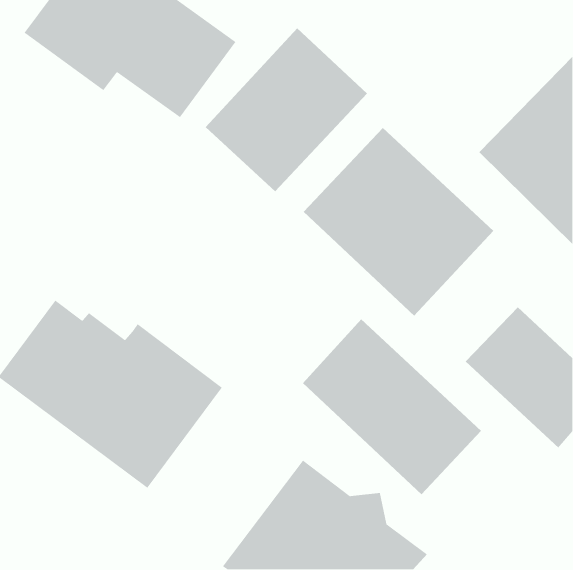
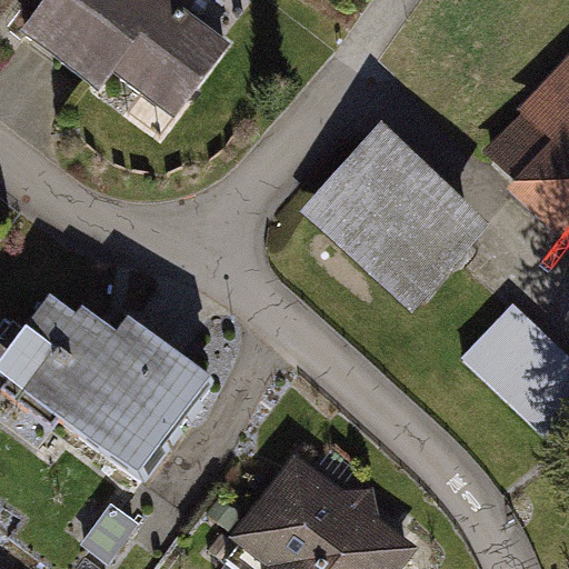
building: [205,27,368,192] -> none
building: [302,319,482,495] -> none

